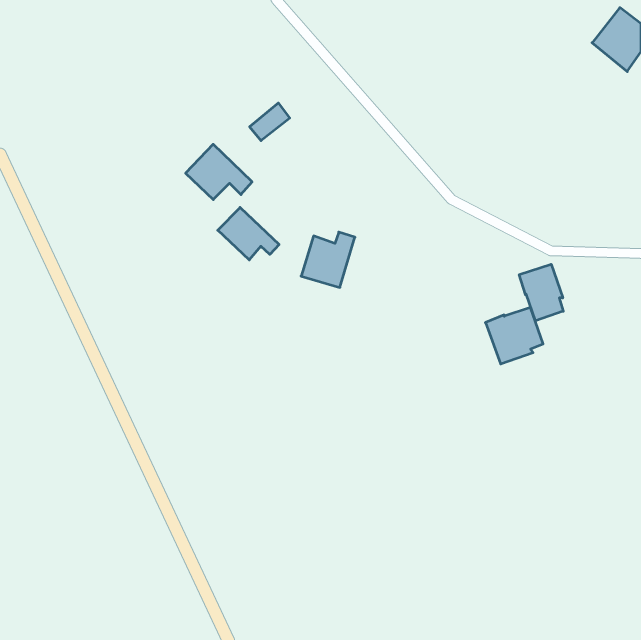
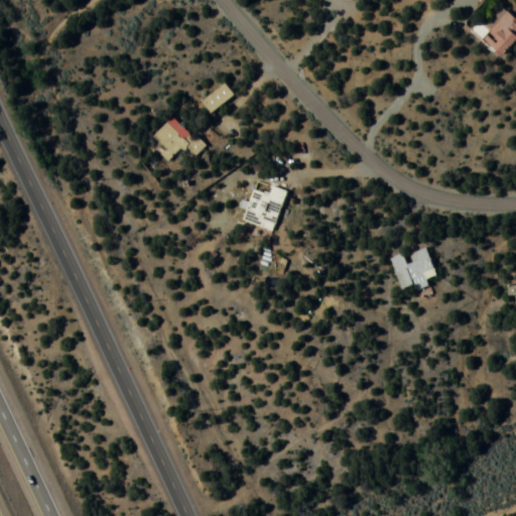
building: [218,207,279,260] -> none
building: [519,264,563,321] -> none

